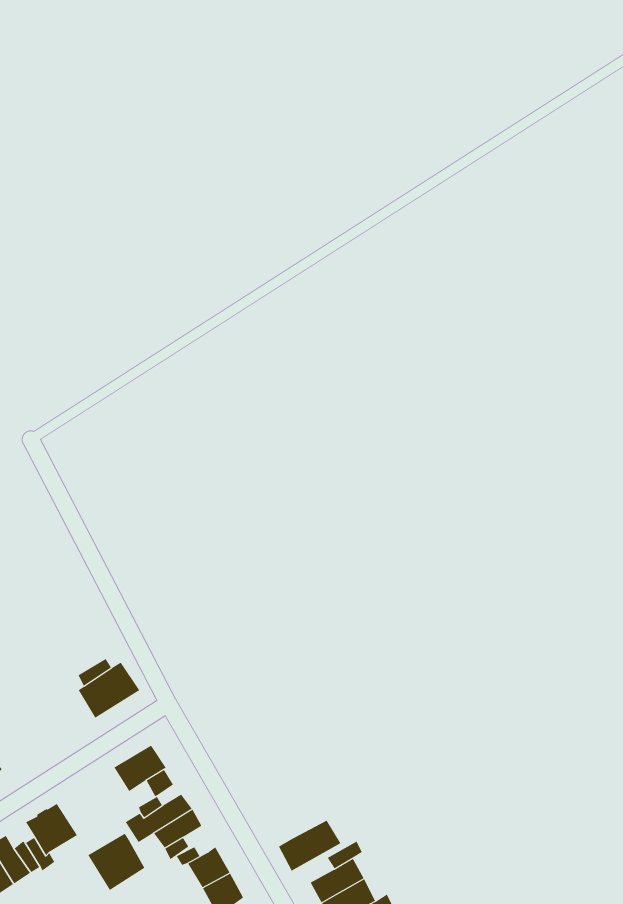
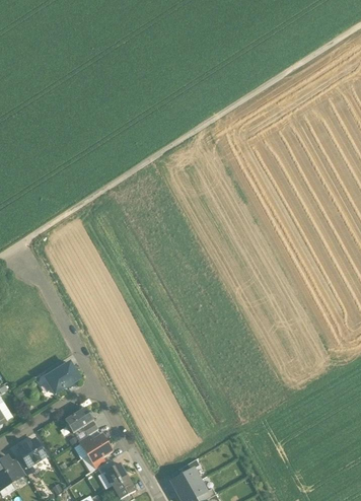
building: [278,820,341,872] -> none
building: [88,833,145,891] -> none

